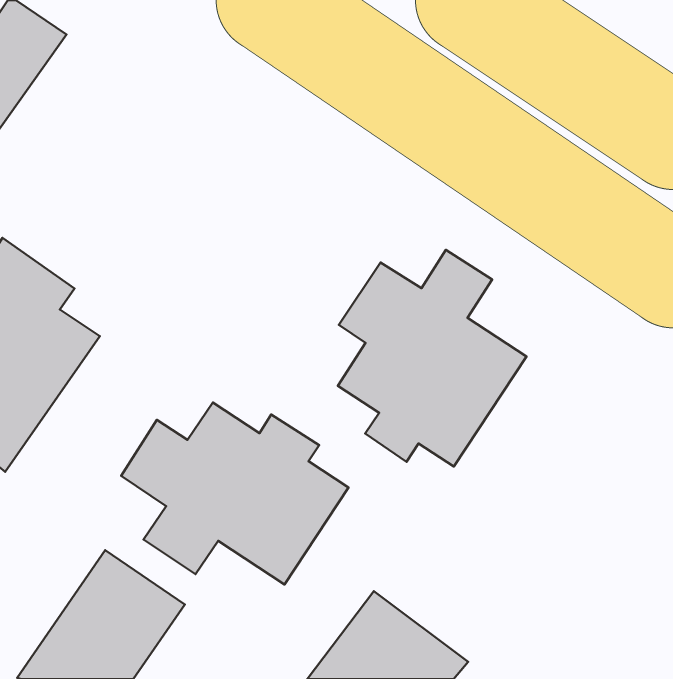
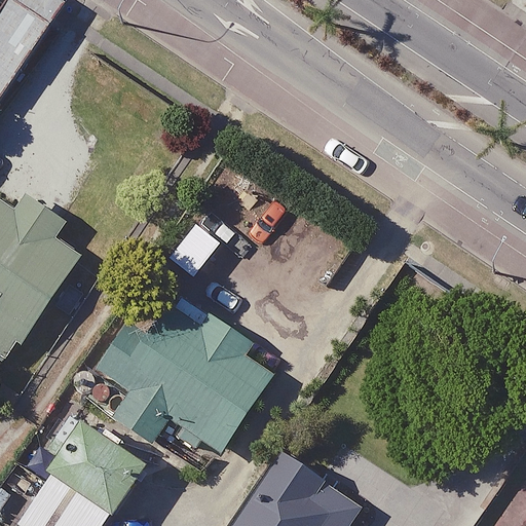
building: [338,250,526,467] -> none

